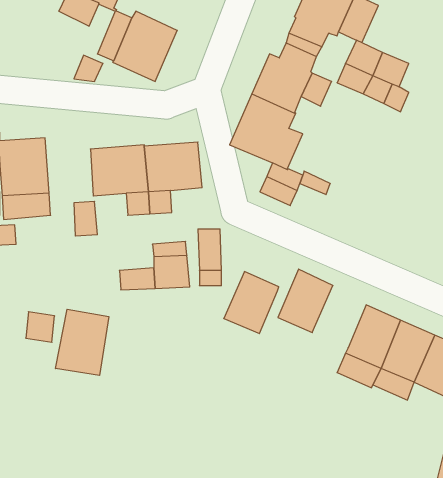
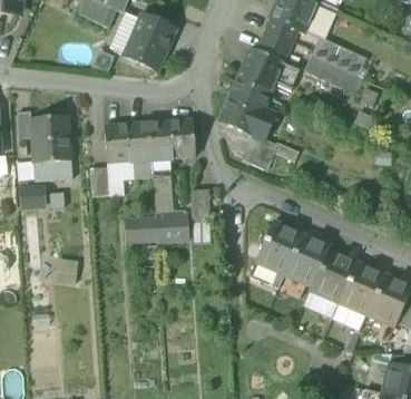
building: [224,272,279,334] -> [284,234,329,284]
building: [56,309,109,375] -> none

